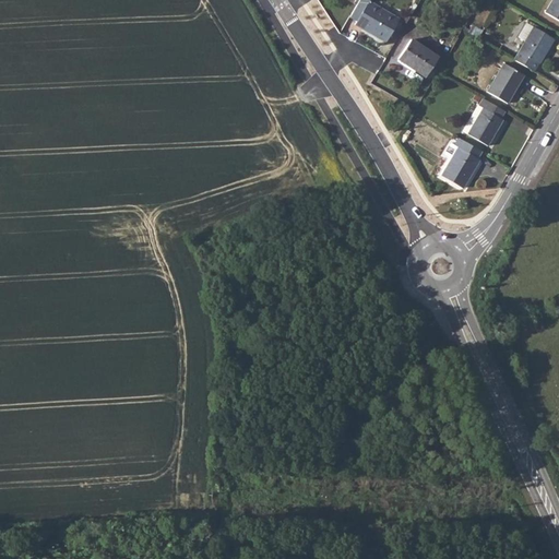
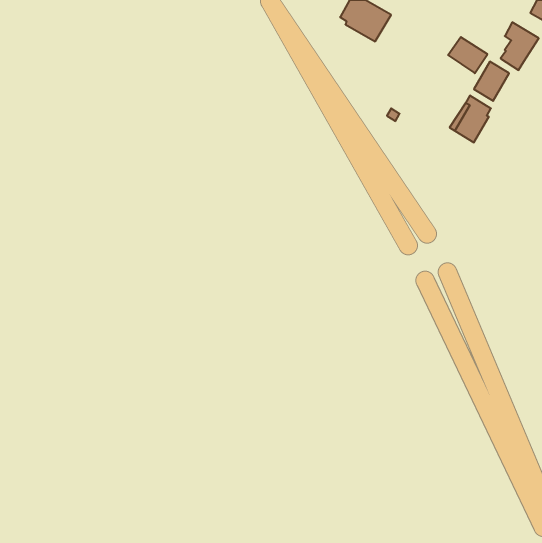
building: [399,40,439,78] -> [448,37,487,73]
building: [442,138,483,189] -> none

